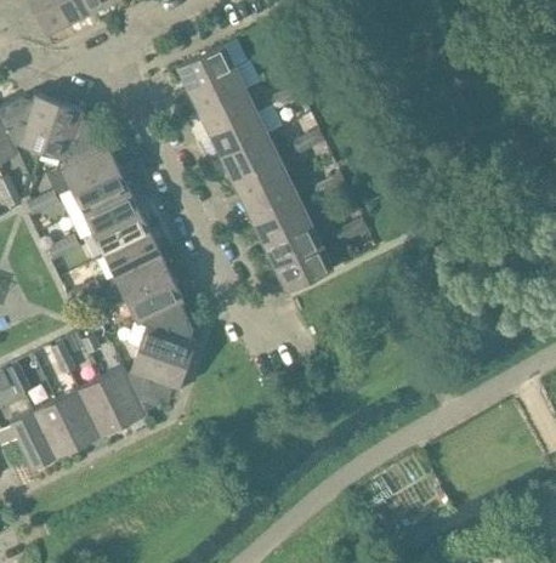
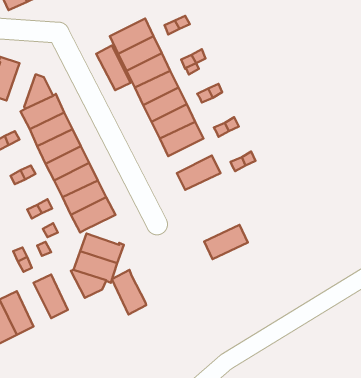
building: none -> [96,46,130,90]
building: [42,103,84,160] -> none
building: [254,201,311,246] -> none
building: [276,246,333,291] -> [204,225,248,259]
building: [144,303,193,340] -> none
building: [101,366,146,425] -> [112,270,146,314]
building: [56,389,101,447] -> none

